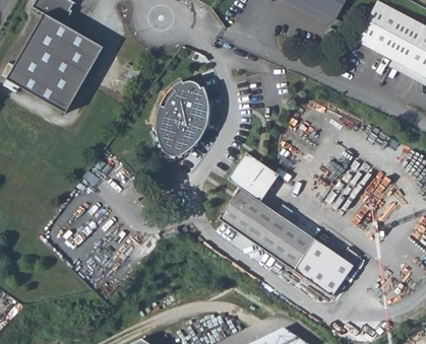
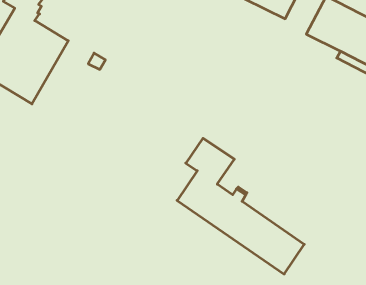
building: [157,79,209,155] -> none

